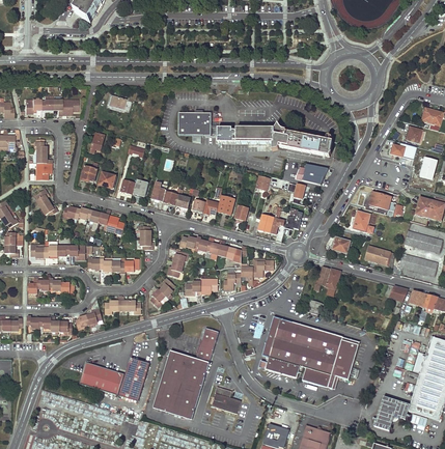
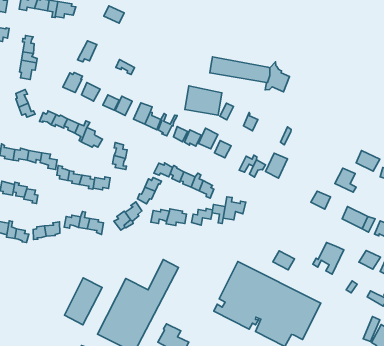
building: [177,111,210,134] -> [185,86,222,115]
building: [288,133,331,156] -> none
building: [296,163,327,184] -> none
building: [312,265,339,294] -> [313,242,344,274]
building: [79,361,123,394] -> none

